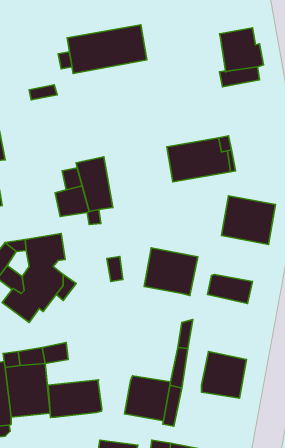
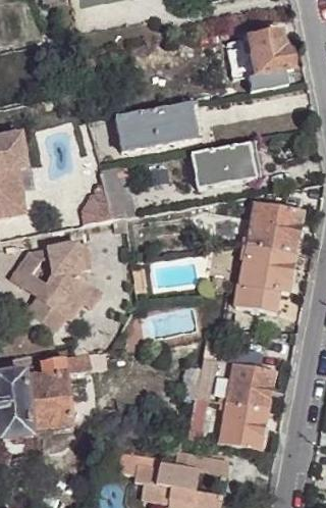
building: [67,25,147,74] -> [114,100,196,150]
building: [144,248,198,296] -> [241,243,296,292]
building: [125,376,170,421] -> [220,403,267,449]
building: [48,380,102,418] -> none

